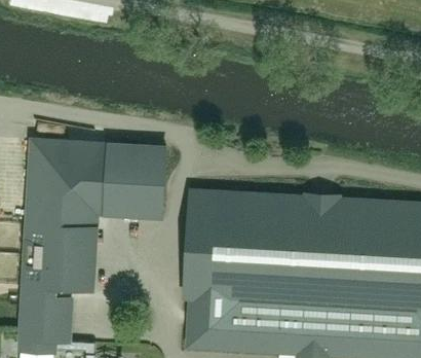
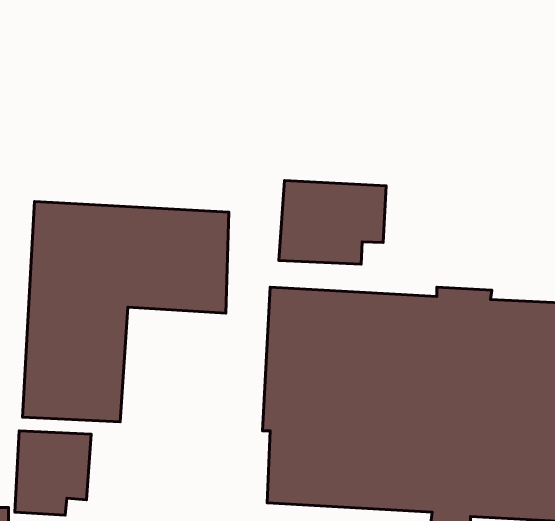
building: none -> [279,180,386,264]

